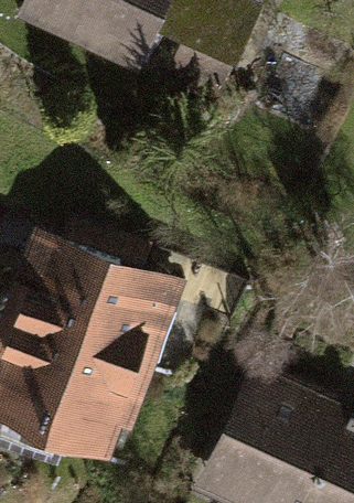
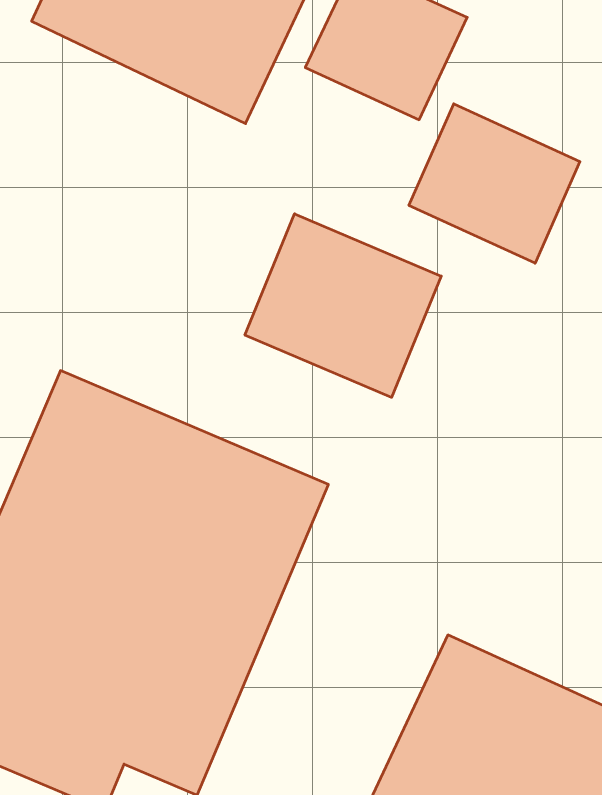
building: none -> [409,104,580,263]
building: none -> [245,214,441,397]

